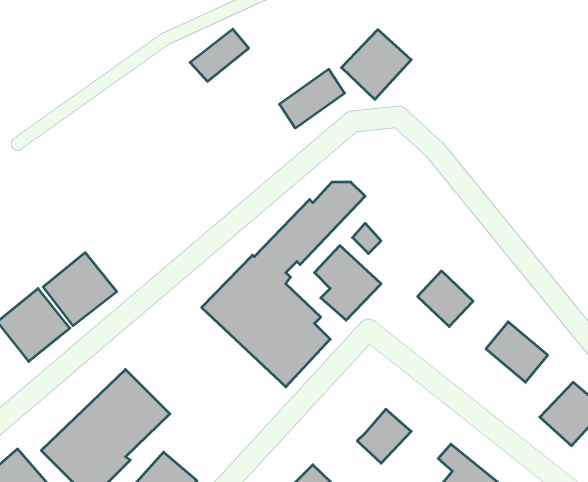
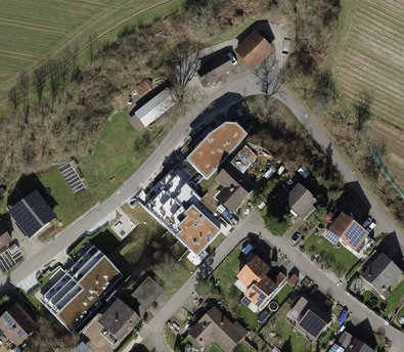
building: [190,29,249,81] -> [135,91,173,125]
building: [43,253,117,326] -> none
building: none -> [233,254,267,287]
building: none -> [131,276,161,306]

